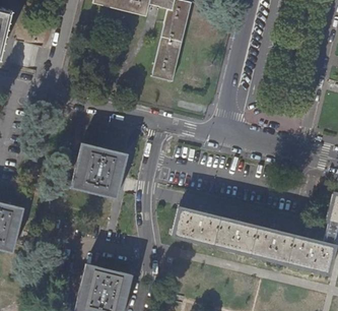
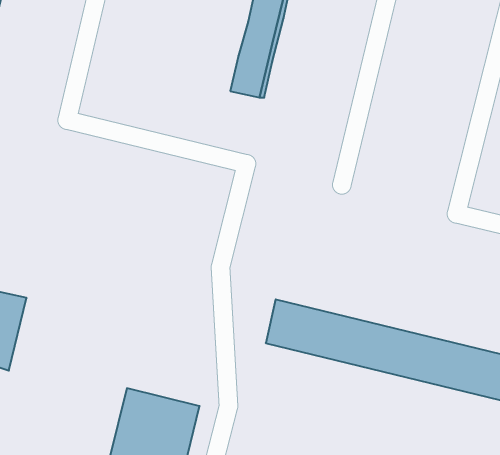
building: [71,142,128,198] -> none

